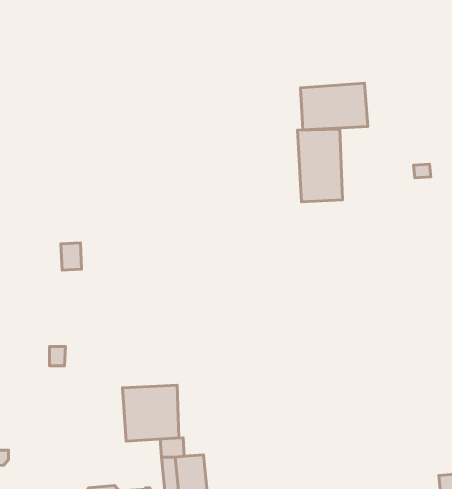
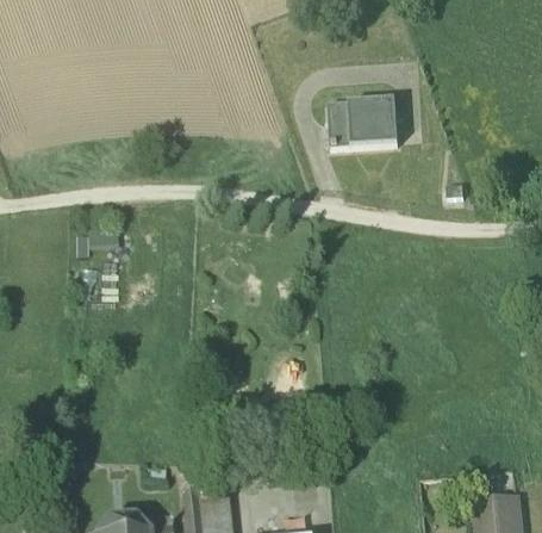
building: [297,129,343,202] -> none
building: [123,385,179,441] -> none

